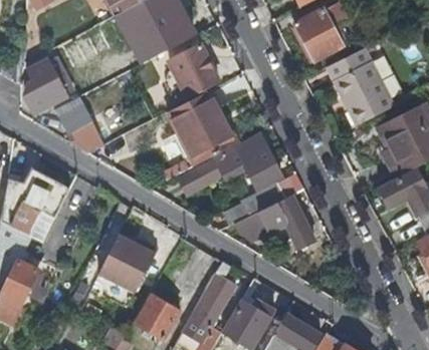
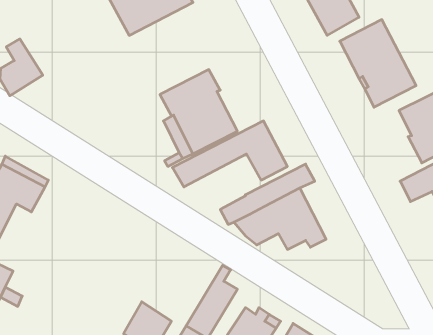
building: [169,46,218,96] -> none
building: [53,98,94,150] -> none
building: [98,237,156,292] -> none

